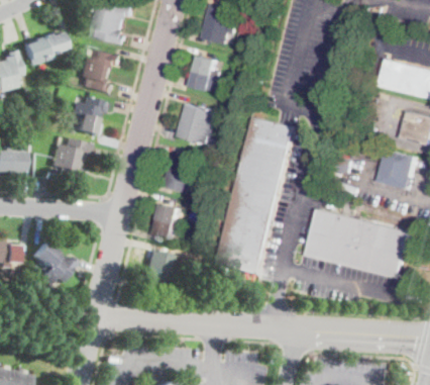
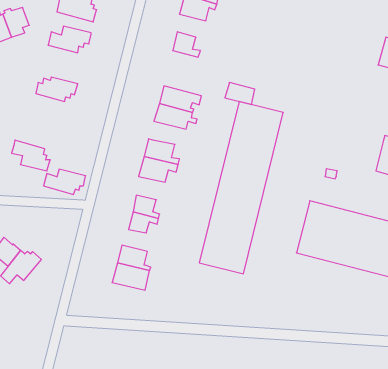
building: [76,67,110,94] -> none
building: [189,72,216,92] -> [225,82,255,105]
building: [68,111,94,134] -> none
building: [48,138,87,162] -> [44,169,86,195]

